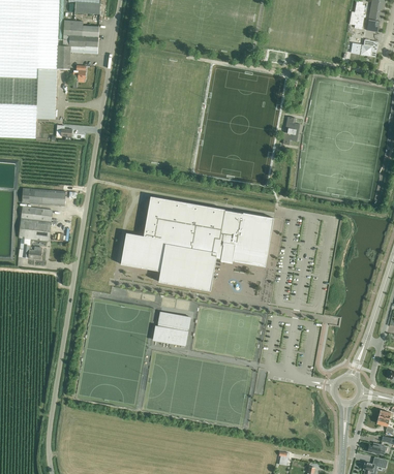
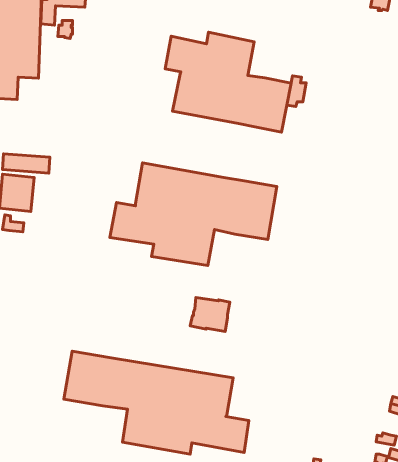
building: none -> [165,32,291,132]
building: [154,313,190,344] -> [190,298,230,331]
building: none -> [64,351,249,454]

